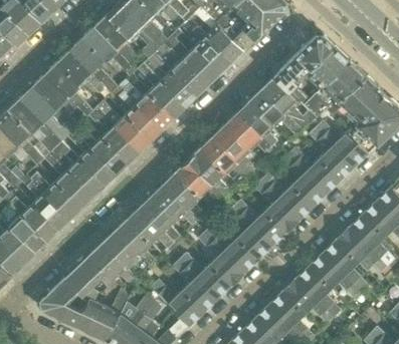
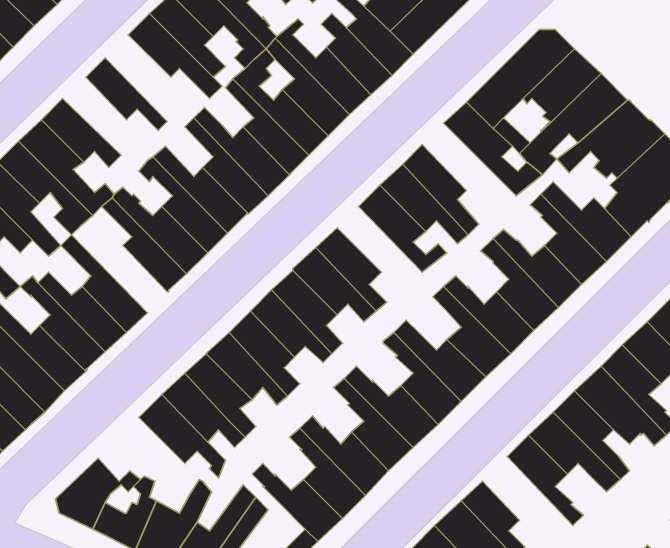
building: [68,39,118,95] -> none
building: [44,63,92,117] -> none
building: [248,89,302,136] -> none
building: [200,136,248,185] -> none
building: [49,141,104,197] -> none
building: [64,256,118,297] -> none
building: [282,278,334,324] -> none

